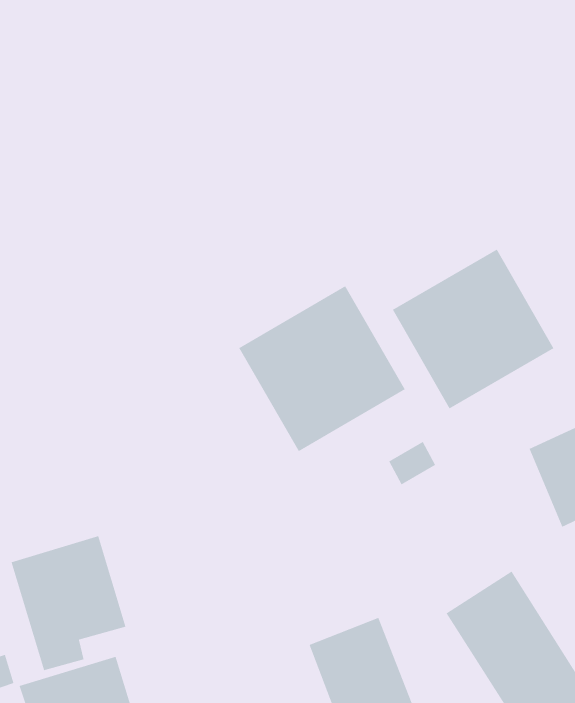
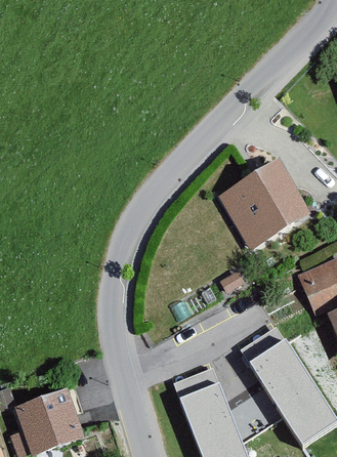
building: [238,285,406,452] -> none
building: [11,535,127,671] -> none

